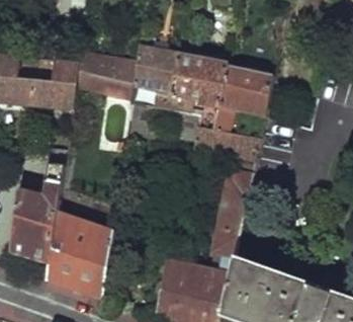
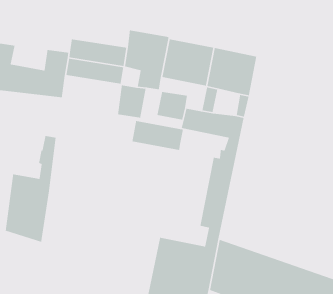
building: none -> [131,120,184,151]
building: [46,211,111,298] -> none

